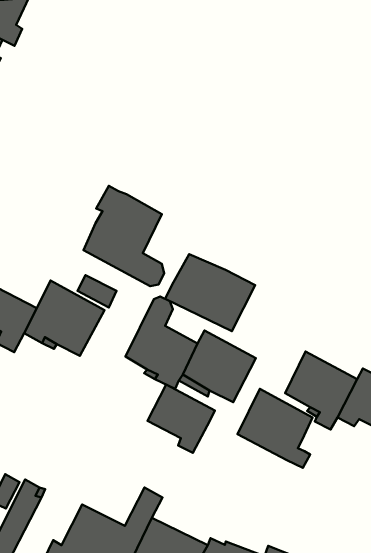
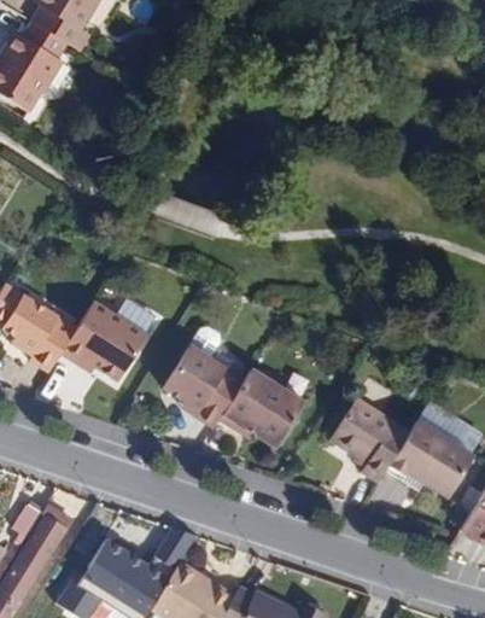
building: [84,186,164,286] -> none
building: [165,254,255,331] -> none
building: [147,385,215,453] -> none
building: [238,389,313,468] -> none

